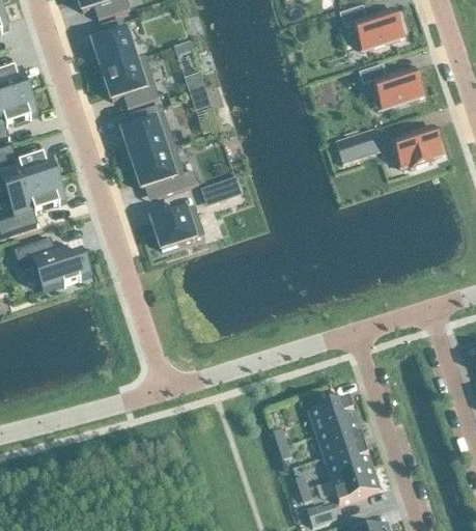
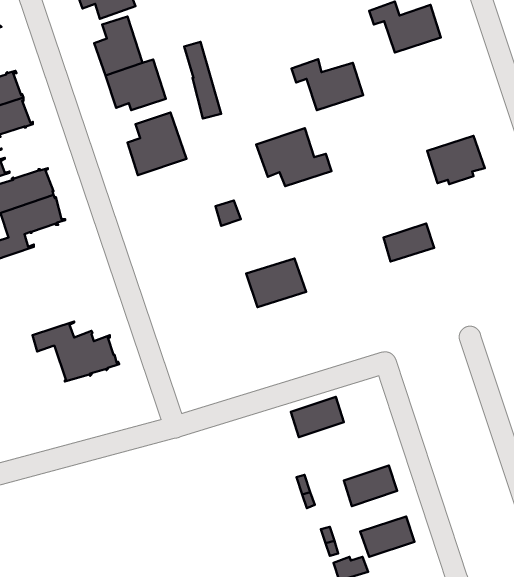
building: [359,62,423,108] -> [291,59,363,110]
building: [336,129,382,163] -> [383,223,434,262]
building: [132,144,199,196] -> [256,128,331,186]
building: [151,204,205,248] -> [246,258,306,307]
building: [13,235,91,289] -> [32,321,119,382]
building: [309,396,357,432] -> [291,397,344,437]
building: [324,442,372,478] -> none

